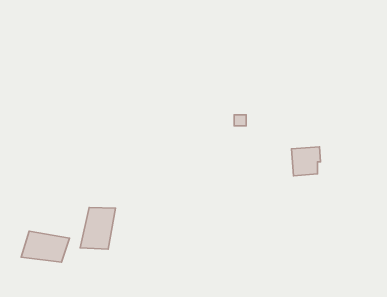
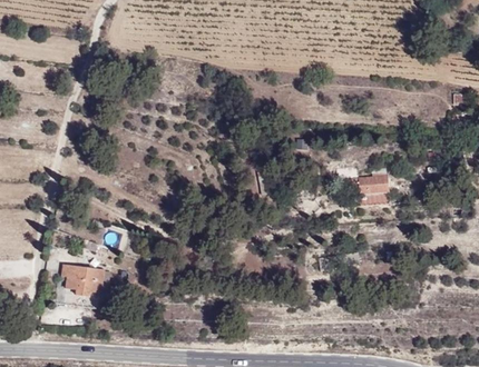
building: [80,207,115,249] -> none

